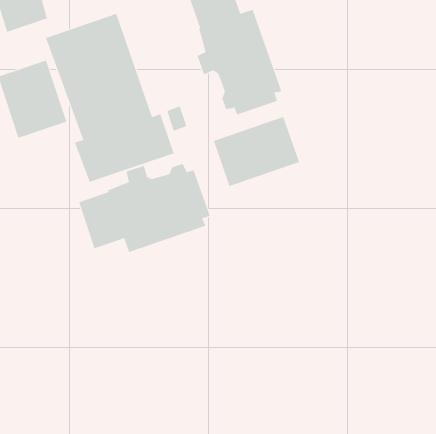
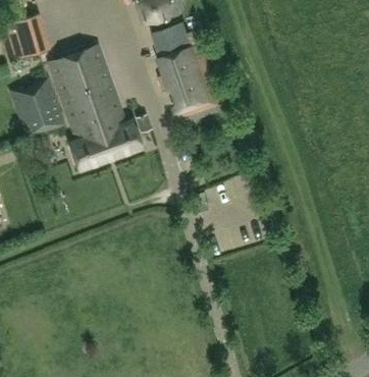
building: [213,116,300,187] -> none
building: [79,163,210,253] -> none

